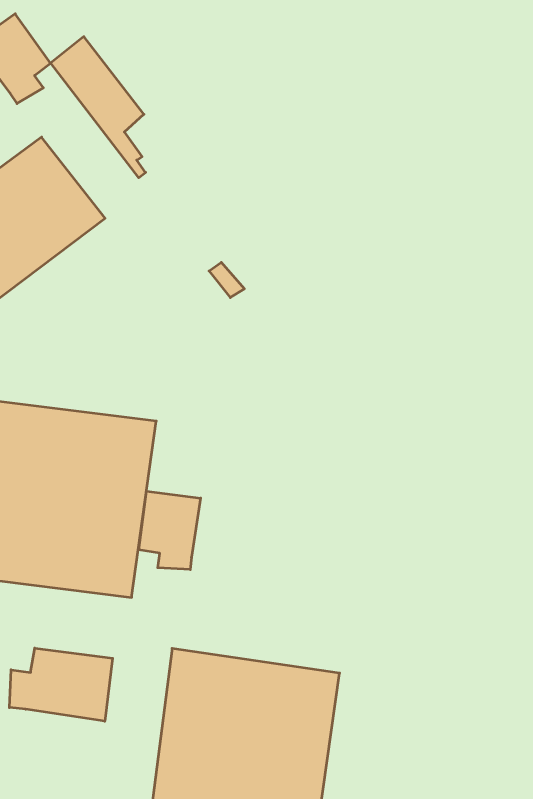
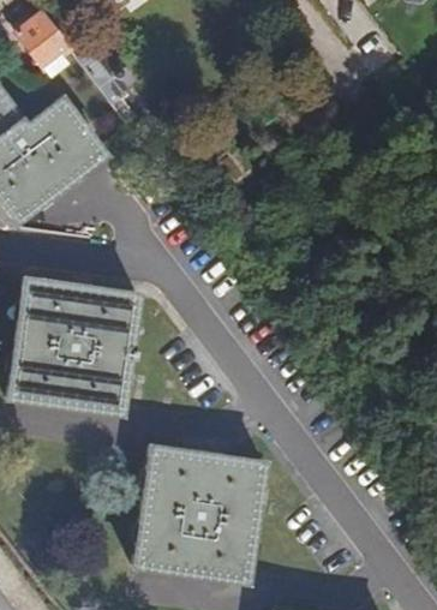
building: [139,491,201,570] -> none
building: [9,648,113,721] -> none

